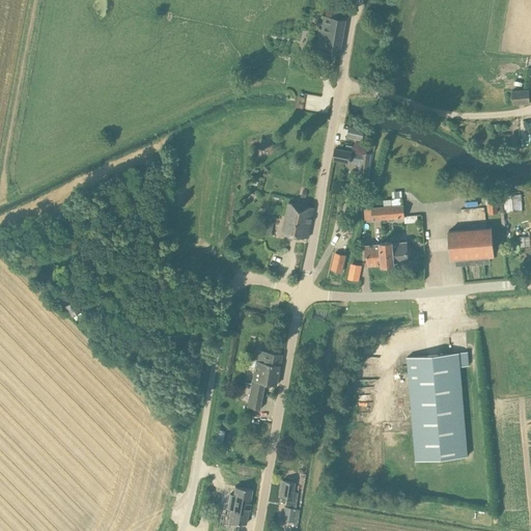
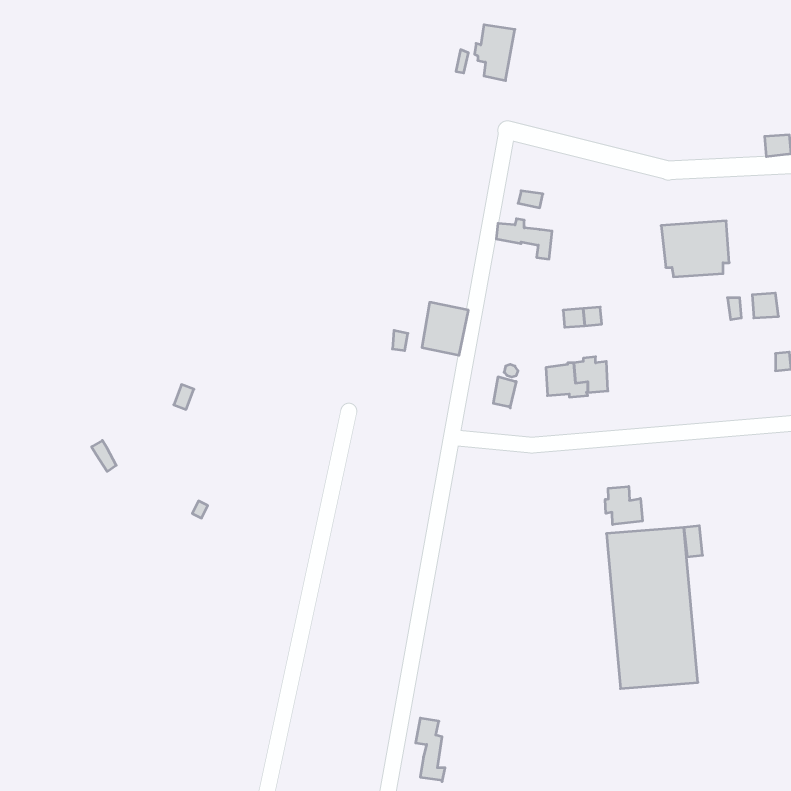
building: [447,228,493,266] -> [661,221,729,277]
building: none -> [605,486,642,525]
building: [247,352,281,411] -> none
building: [230,484,254,524] -> none

